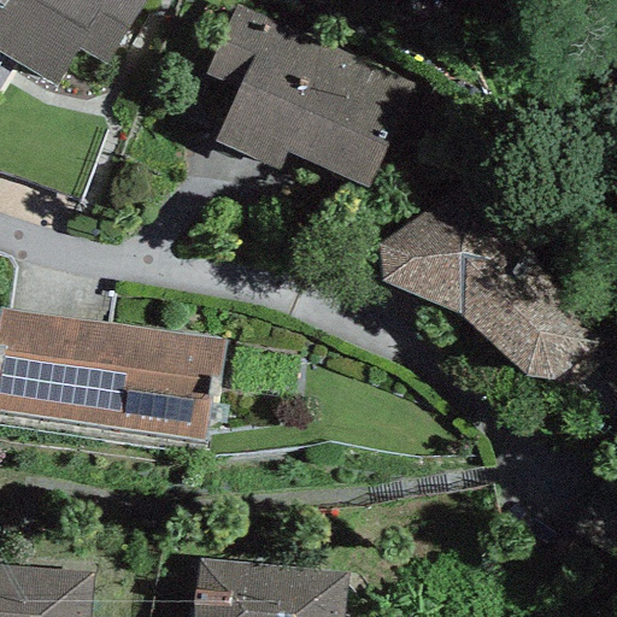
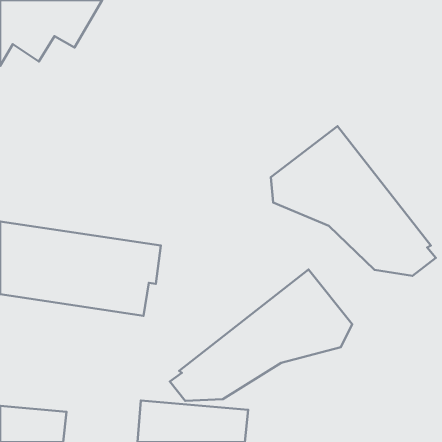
building: [205,5,415,190] -> none
building: none -> [170,270,352,401]

